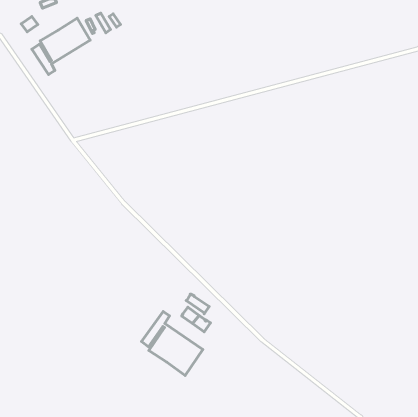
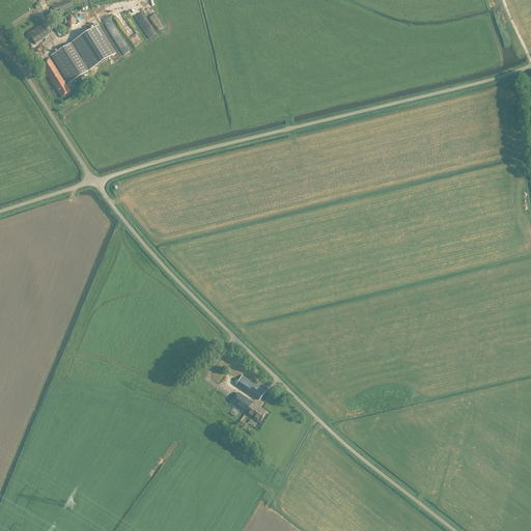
building: [141,311,203,376] -> none

